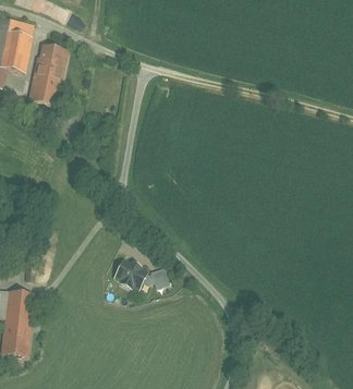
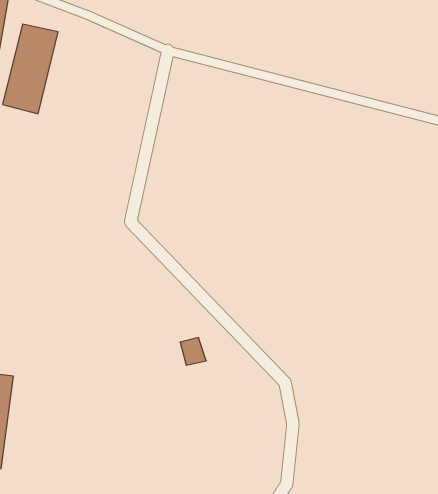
building: [111,257,149,292] -> none

